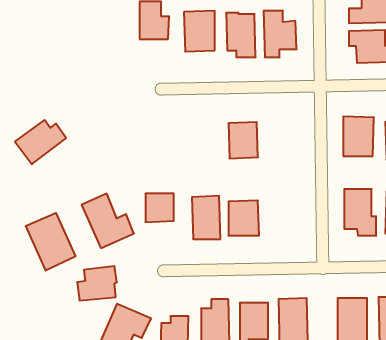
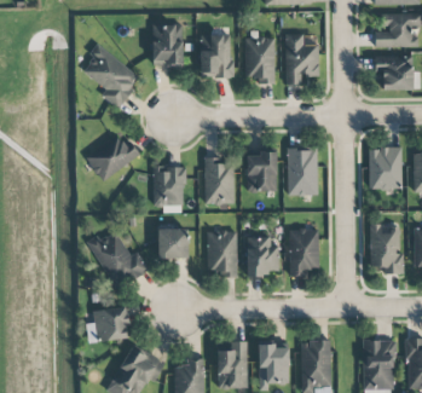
building: none -> [81,45,140,105]
building: none -> [287,148,318,195]
building: [15,120,66,164] -> [85,134,139,181]
building: none -> [204,158,235,203]
building: none -> [154,166,184,212]
building: none -> [289,229,319,274]
building: [26,213,75,271] -> none

